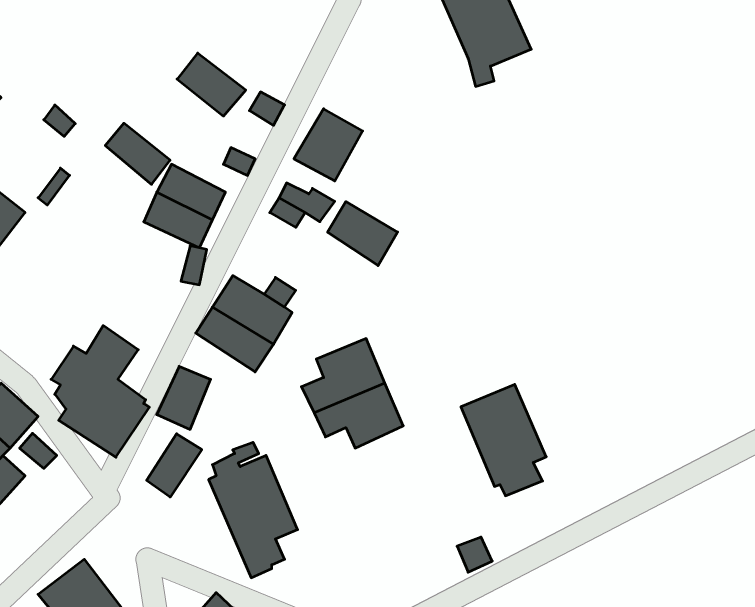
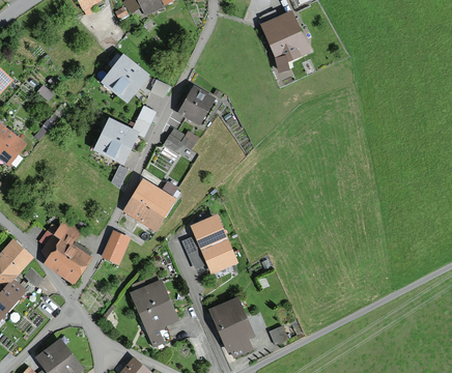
building: [105,123,170,184] -> [102,69,138,104]
building: [328,202,398,266] -> none
building: [461,384,546,496] -> [208,296,256,358]
building: [147,434,202,497] -> none

